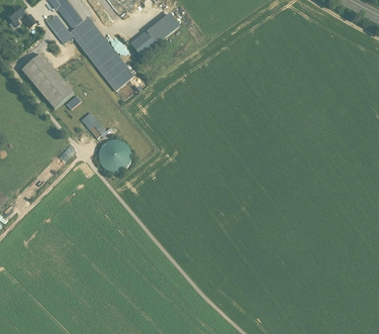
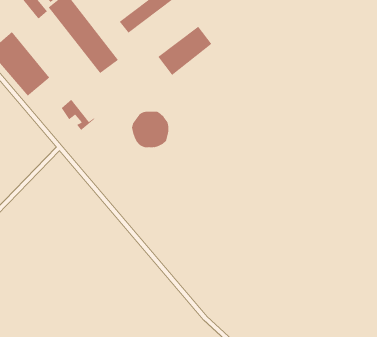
building: none -> [157,26,212,76]
building: [98,140,130,172] -> [131,111,169,148]

